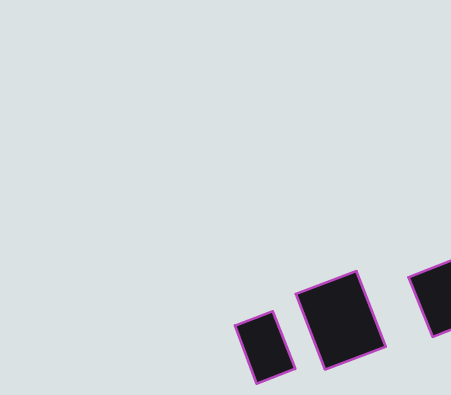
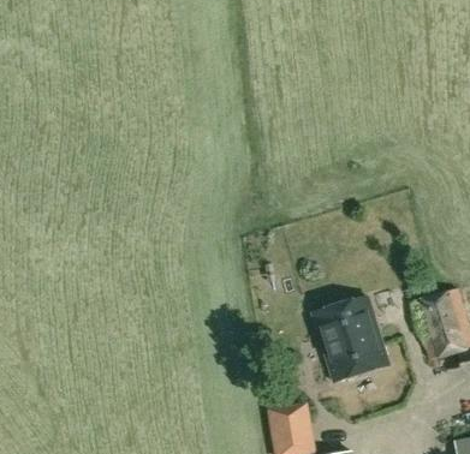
building: [235,311,295,384] -> none

